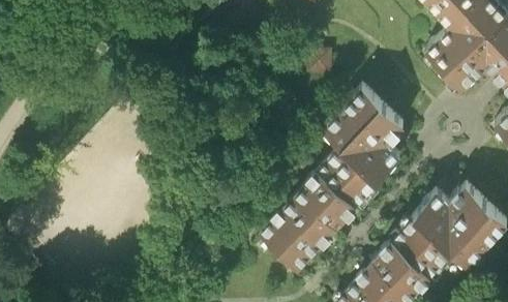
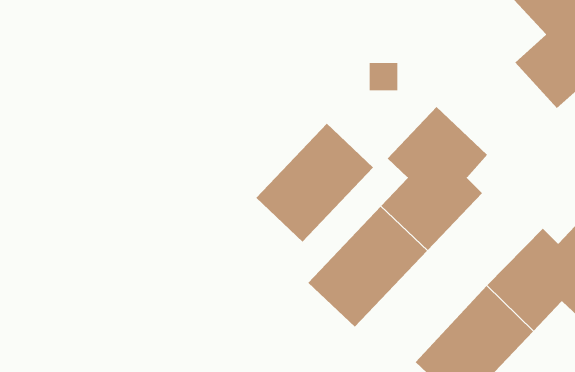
building: none -> [256,123,374,243]

